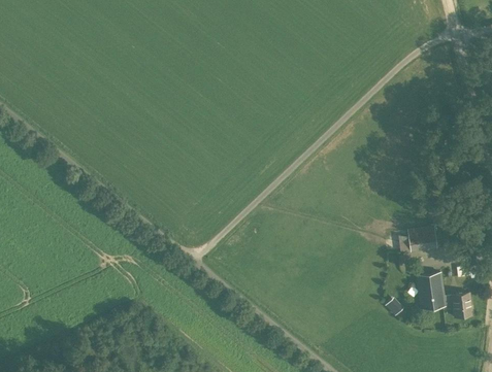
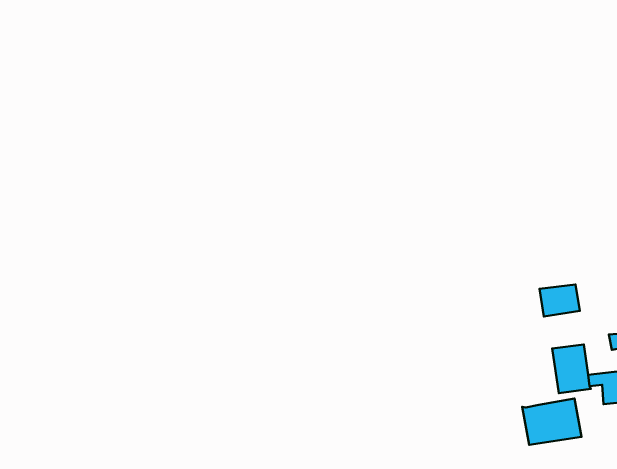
building: none -> [522,399,581,445]

